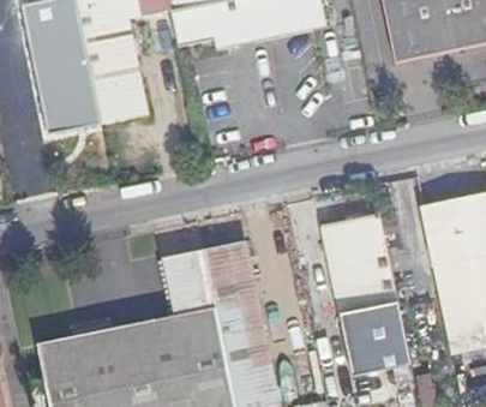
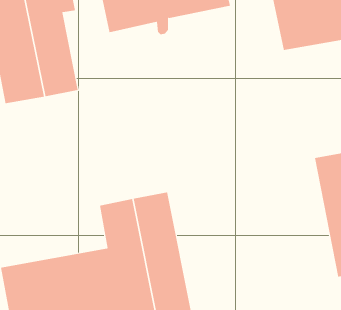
building: [324,209,408,373] -> none

